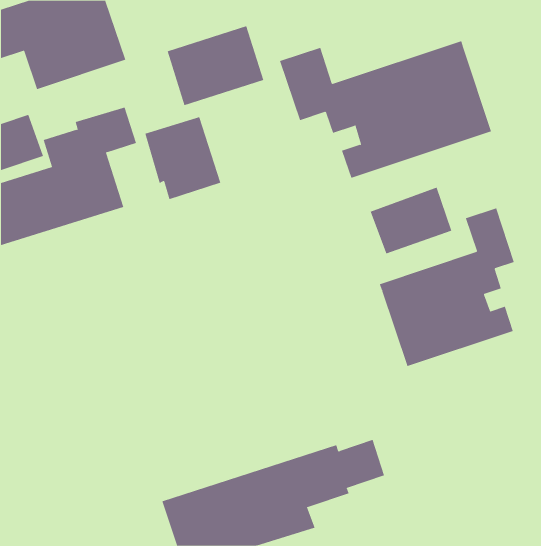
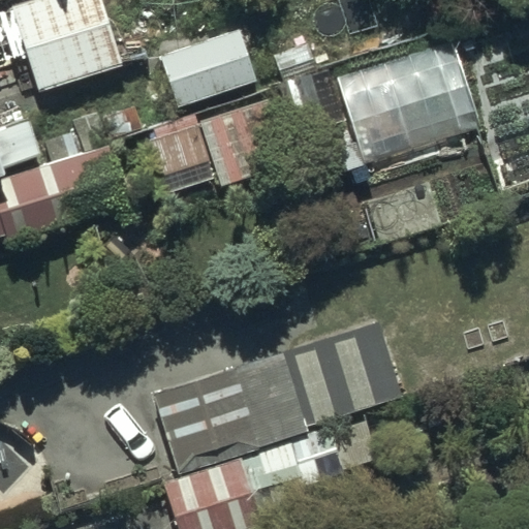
building: [379,208,515,367] -> none
building: none -> [151,326,396,477]

